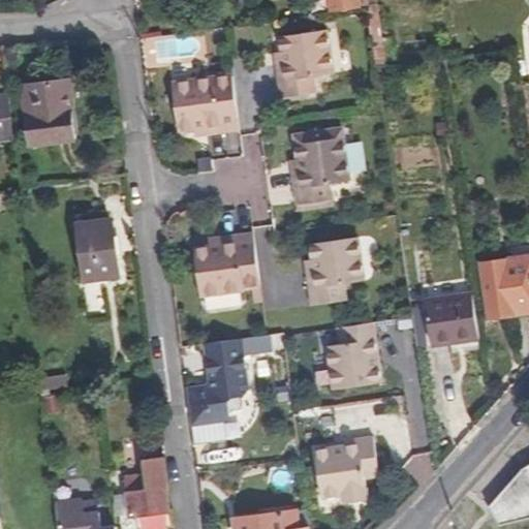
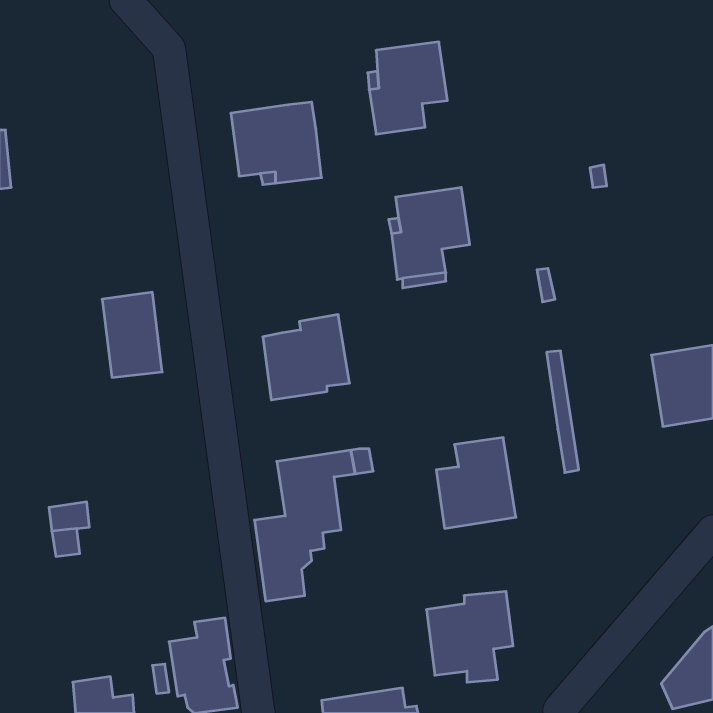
building: [21,79,73,143] -> none
building: [306,238,363,306] -> none
building: [425,291,479,344] -> none

